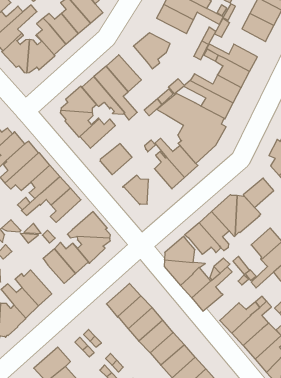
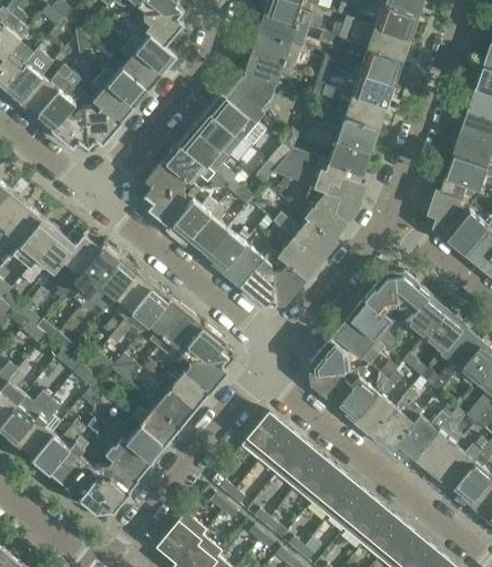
building: none -> [244,53,294,84]
building: none -> [359,50,401,84]
building: none -> [207,93,264,146]
building: none -> [188,205,227,254]
building: none -> [223,244,264,286]
building: none -> [271,255,306,303]
building: [243,178,274,207] -> [406,296,445,337]
building: none -> [157,311,205,354]
building: none -> [133,405,181,443]
building: none -> [372,390,422,451]

